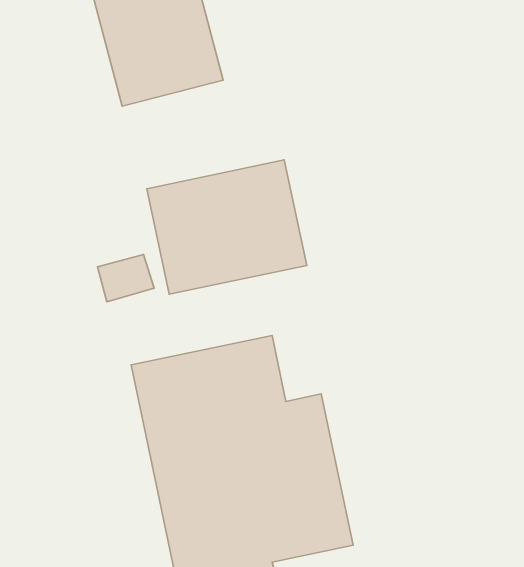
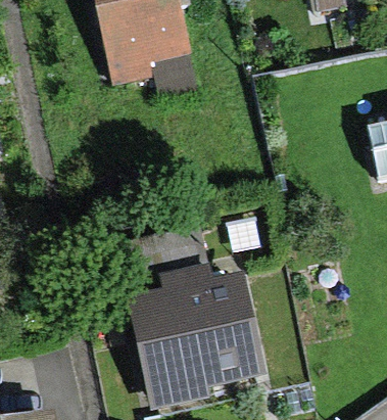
building: [147,160,307,294] -> none

